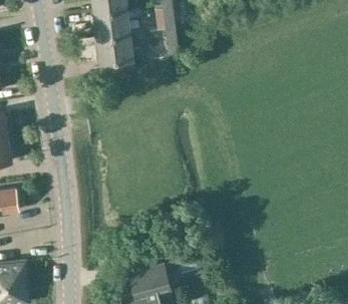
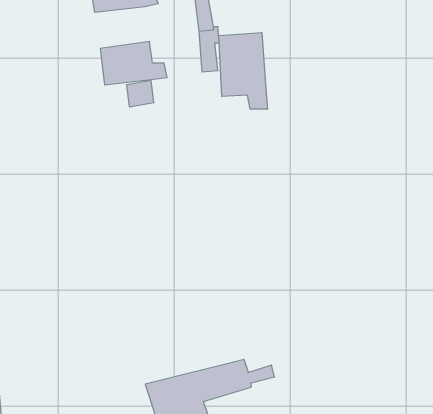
building: [93,11,131,40] -> none
building: none -> [219,32,267,109]

